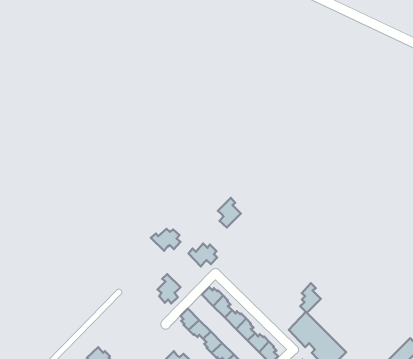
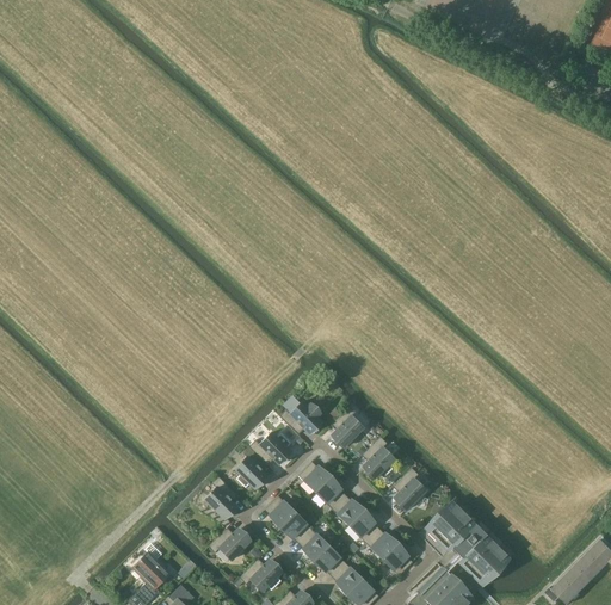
building: [218,198,241,227] -> [332,406,365,449]
building: [151,229,180,251] -> [251,433,294,465]
building: none -> [363,437,396,480]
building: [300,283,321,313] -> [397,468,427,511]
building: none -> [206,477,236,519]
building: none -> [210,527,253,560]

